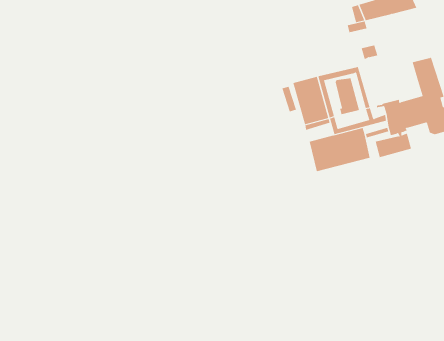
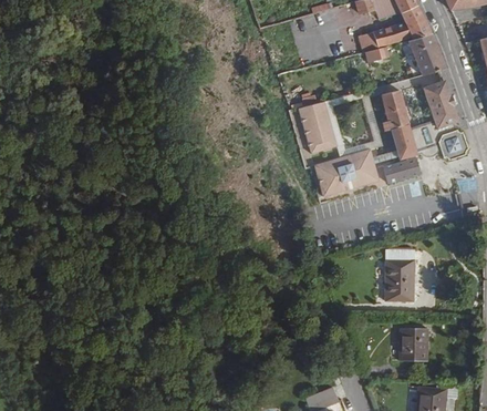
building: none -> [401,31,443,73]
building: [335,78,360,116] -> [384,91,410,130]
building: none -> [385,248,415,299]
building: none -> [398,326,428,358]

